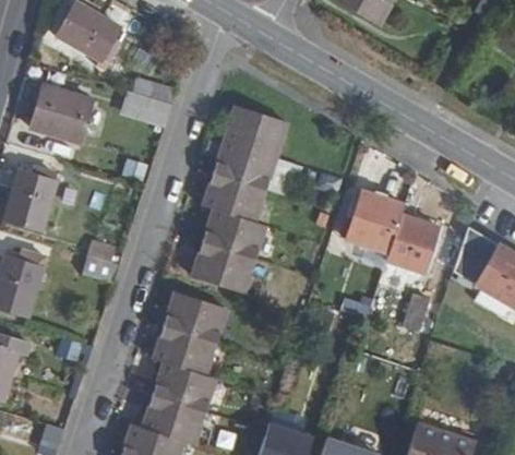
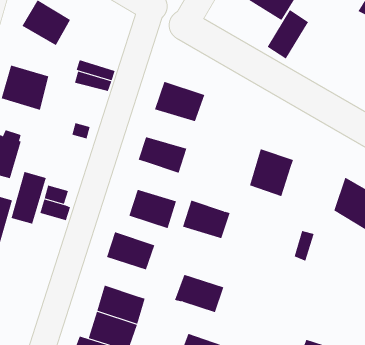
building: none -> [267,9,309,60]
building: [213,141,276,190] -> none
building: [202,207,263,256] -> [182,200,231,239]
building: [383,214,434,272] -> none
building: none -> [11,171,46,225]
building: [151,327,214,376] -> [174,274,224,313]

